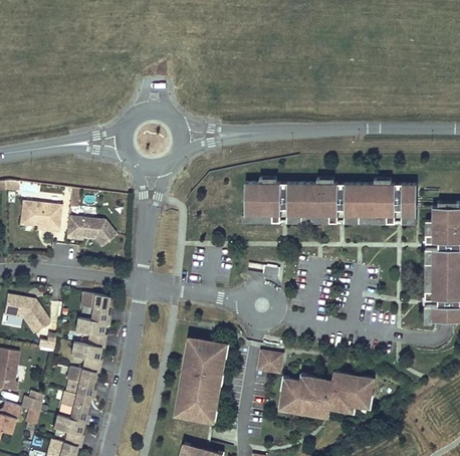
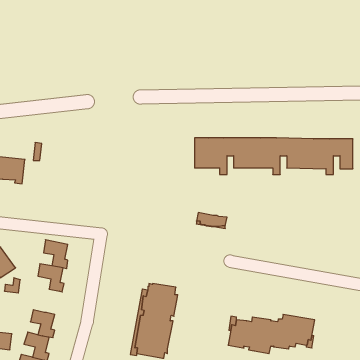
building: [66,217,117,247] -> none
building: [70,344,98,374] -> none
building: [257,351,282,373] -> none

